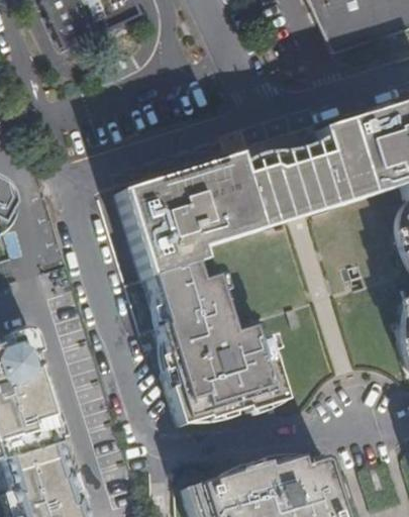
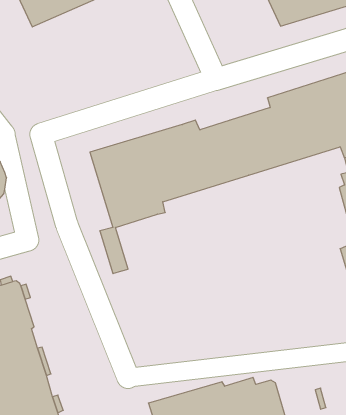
building: [143,262,282,423] -> none

